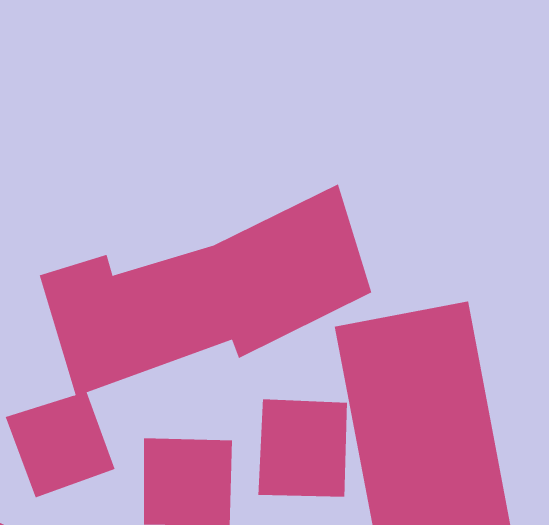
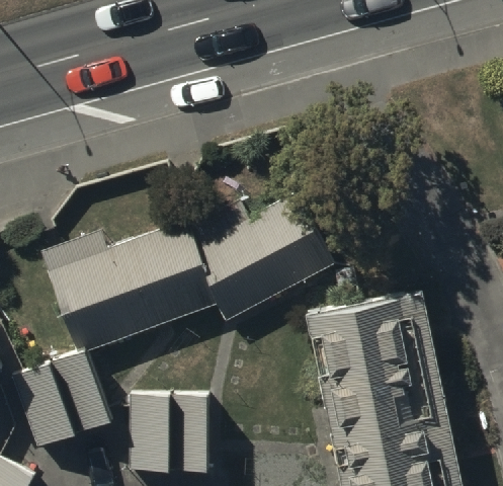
building: [258,399,347,498] -> none

